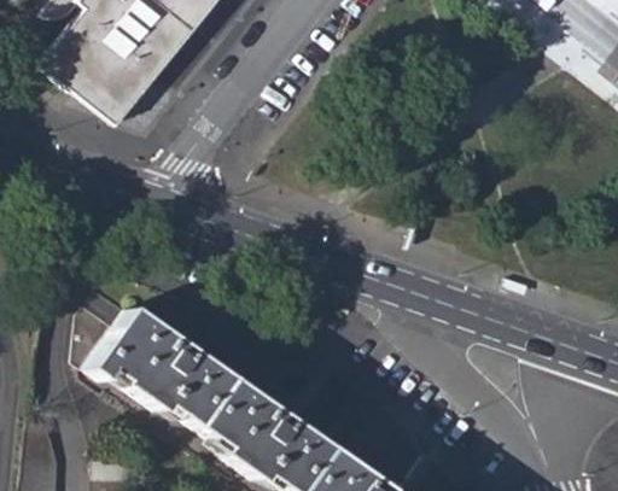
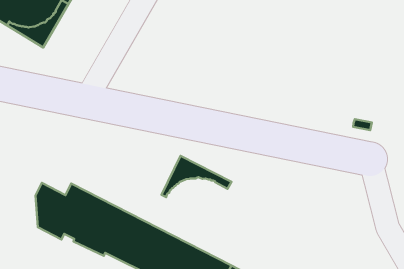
building: none -> [162,156,231,197]

